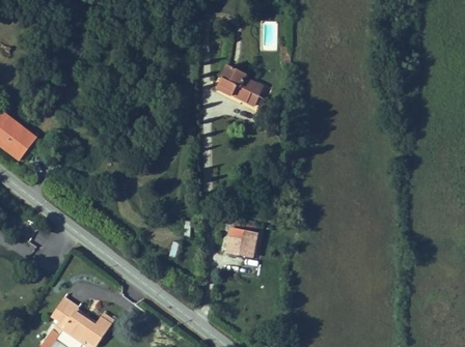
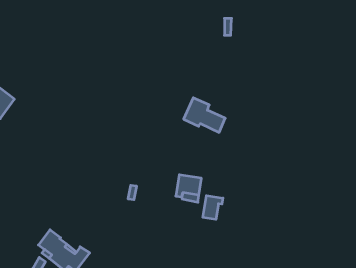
building: [214,63,263,104] -> [184,98,225,132]
building: none -> [203,196,223,219]

